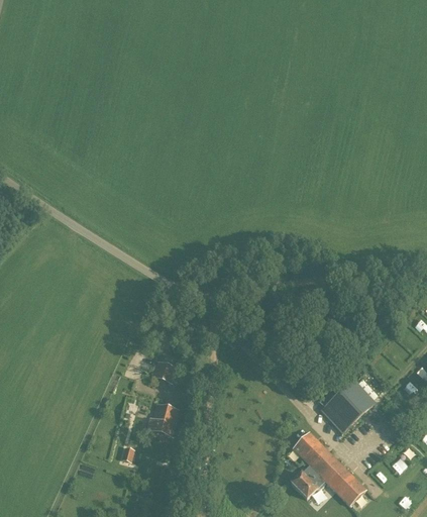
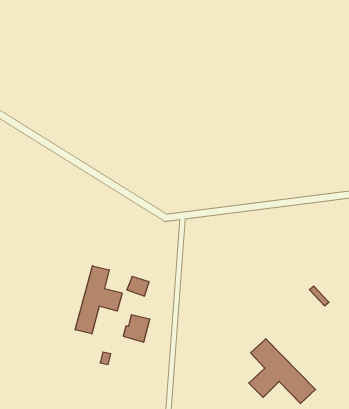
building: none -> [75,266,122,334]
building: [320,374,376,433] -> none

